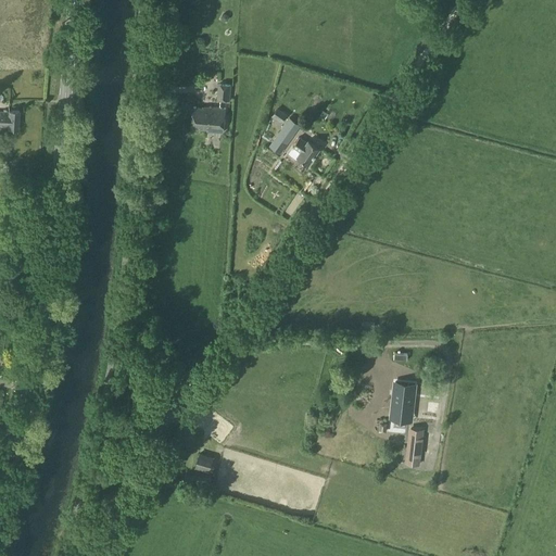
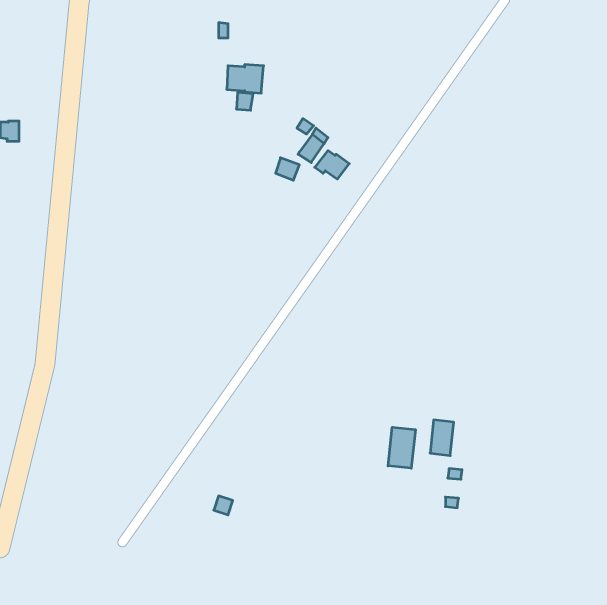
building: [191,108,225,134] -> [227,65,264,93]
building: none -> [388,427,415,468]

